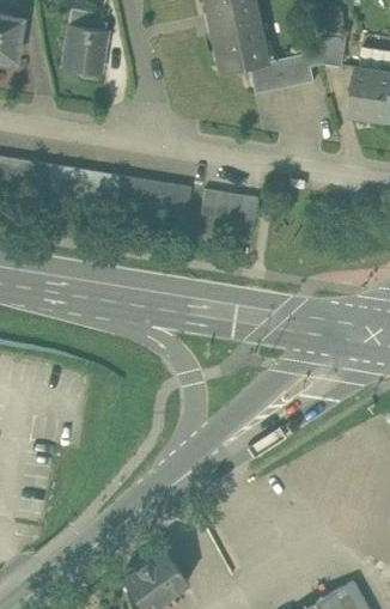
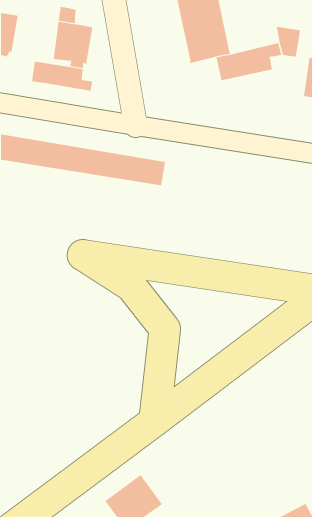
building: none -> [31,61,93,92]
building: [201,189,260,225] -> none

